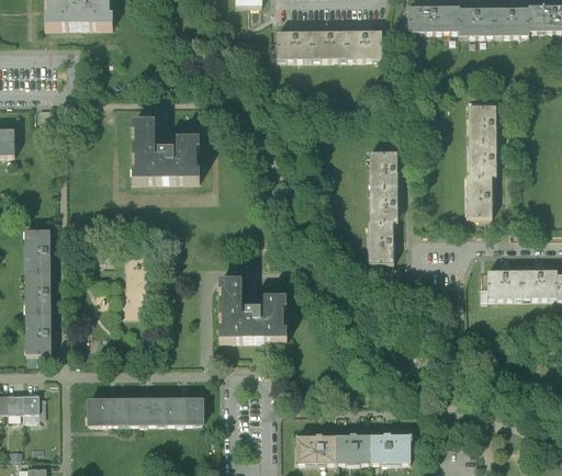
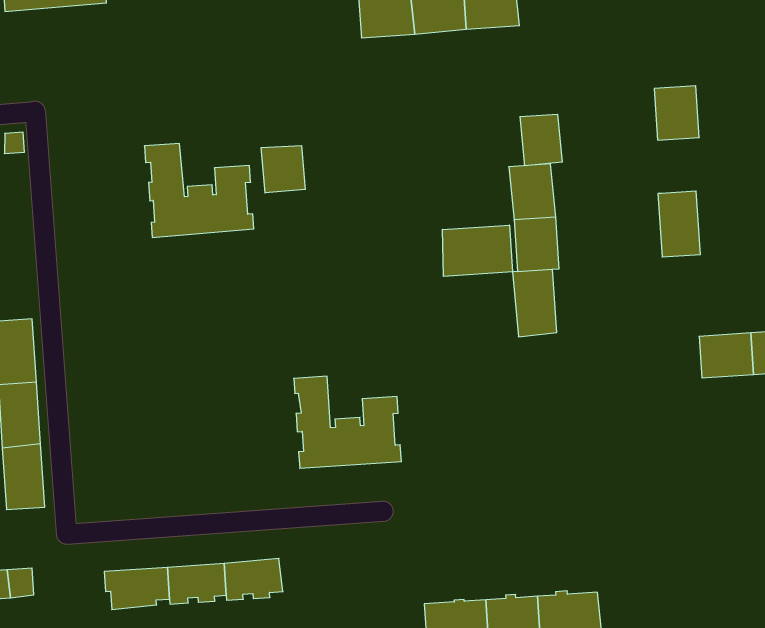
building: none -> [520,114,562,166]
building: none -> [261,146,305,193]
building: [469,139,496,174] -> none
building: none -> [442,225,512,276]

